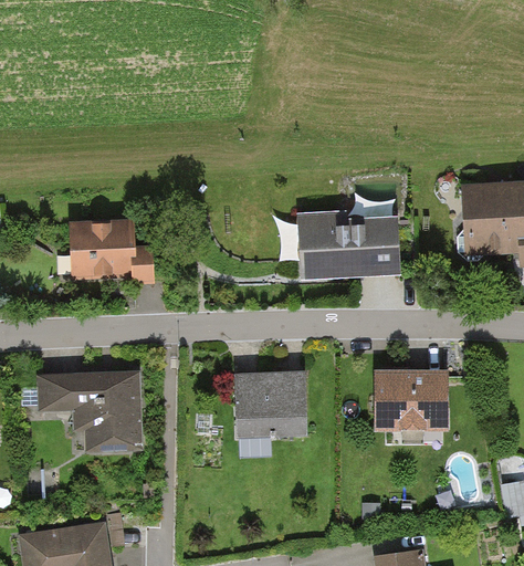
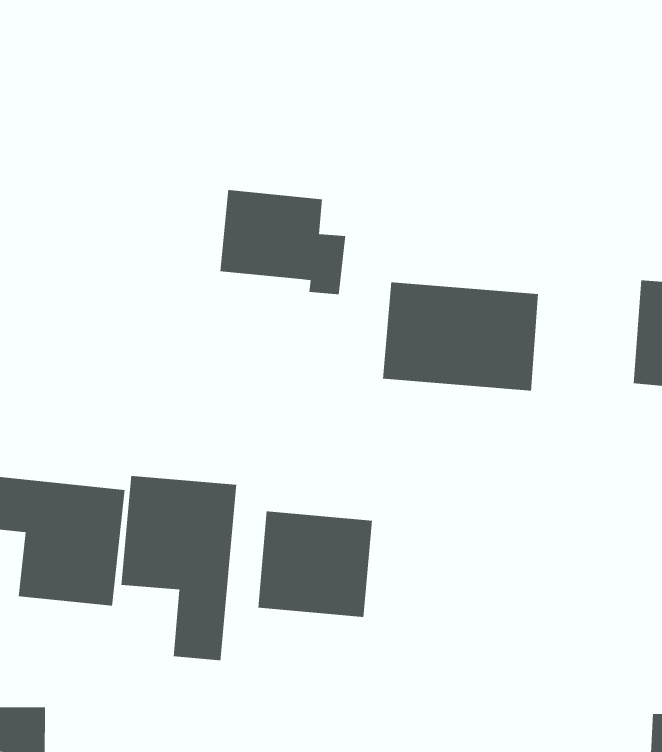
building: [69,218,153,281] -> [220,190,346,295]
building: none -> [121,475,237,661]
building: [373,366,443,431] -> none

